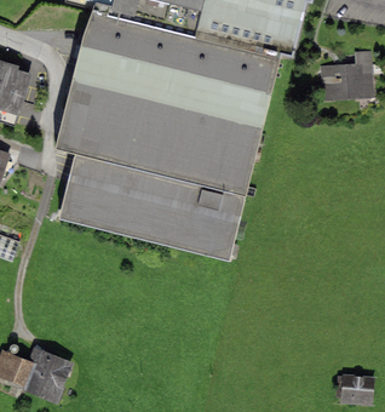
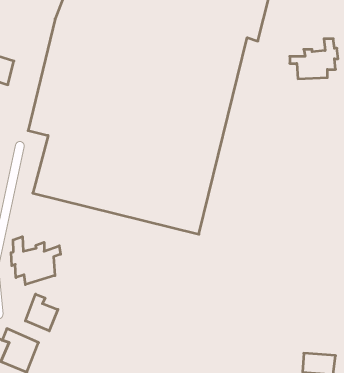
building: none -> [11,237,61,285]
building: none -> [25,294,58,331]

